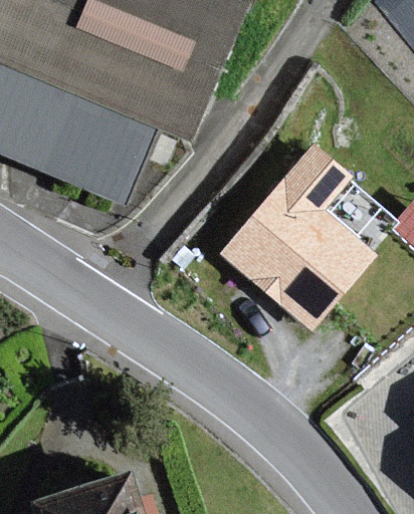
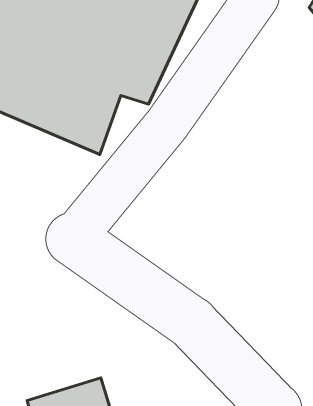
building: [228,145,371,320] -> none

